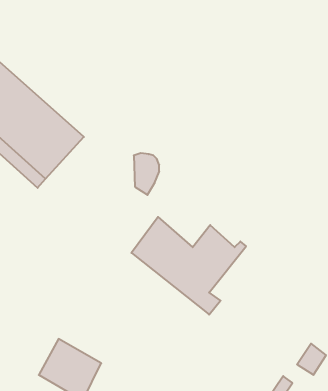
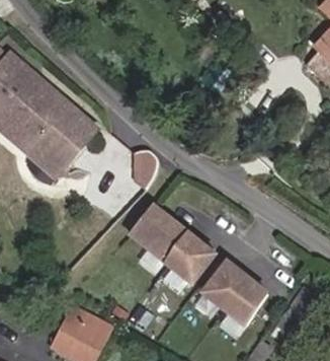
building: none -> [204,262,269,324]

